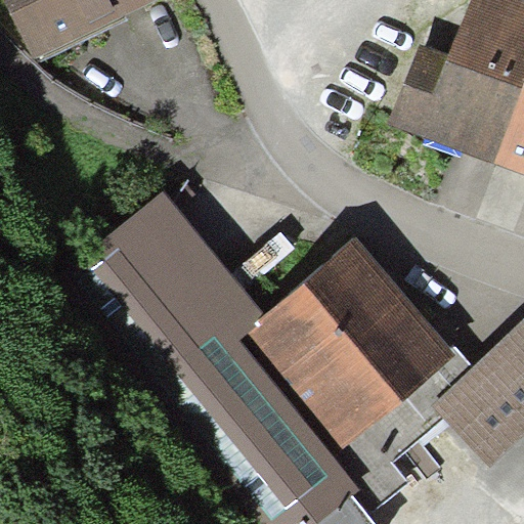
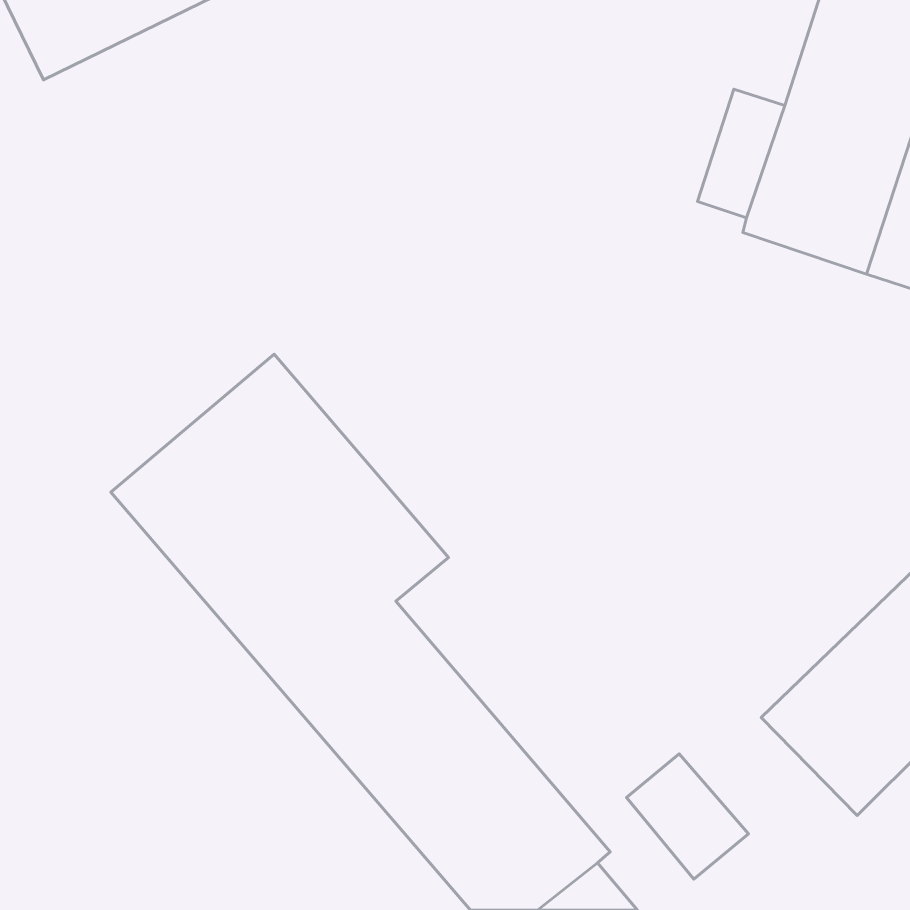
building: [257,244,449,437] -> none

